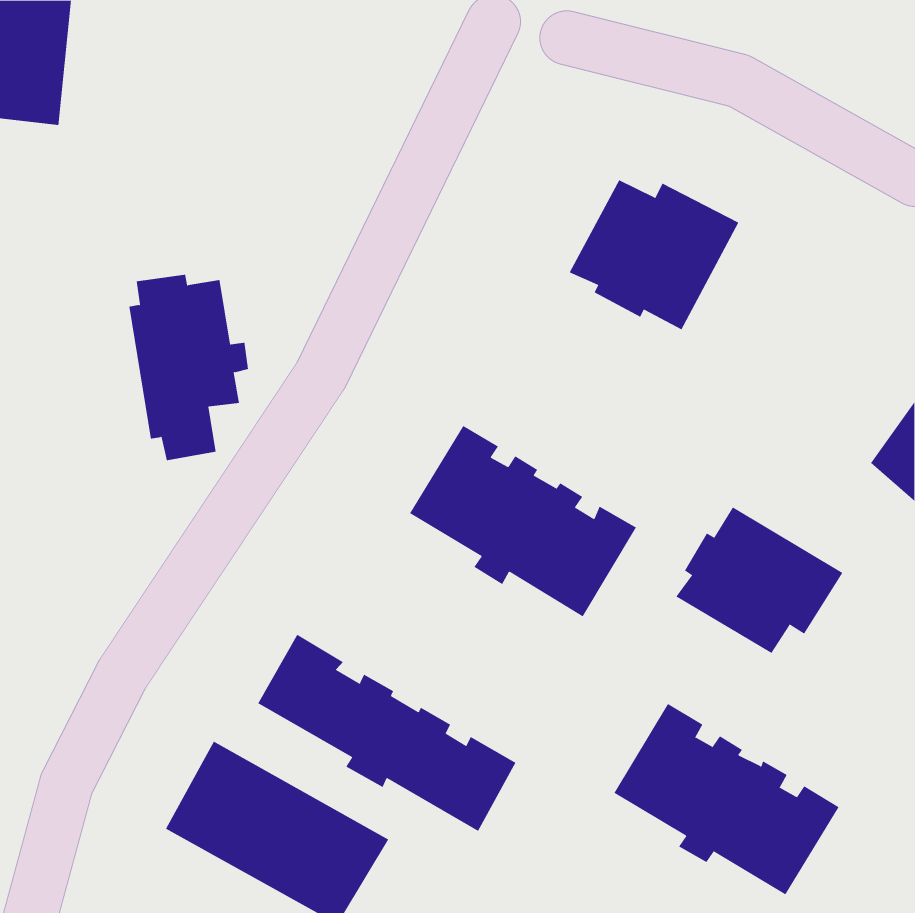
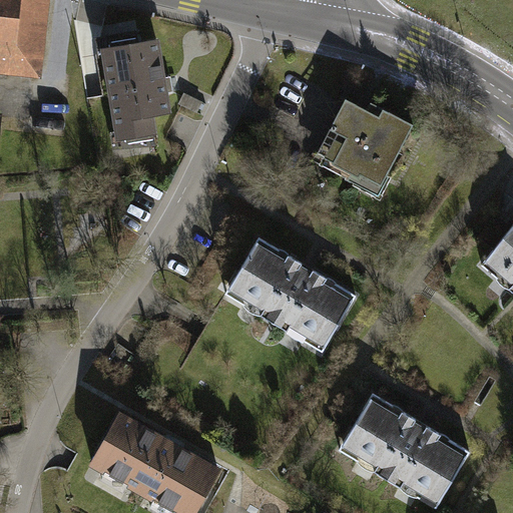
building: [129,274,249,461] -> [105,40,172,144]
building: [675,506,843,654] -> none
building: [257,634,516,832] -> none

